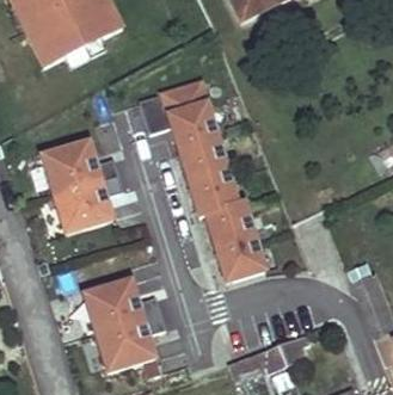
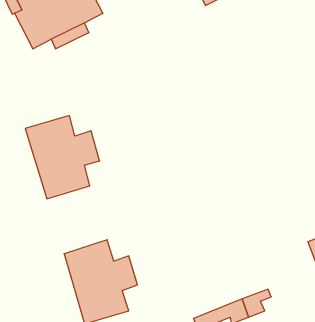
building: [140,81,265,282] -> none

